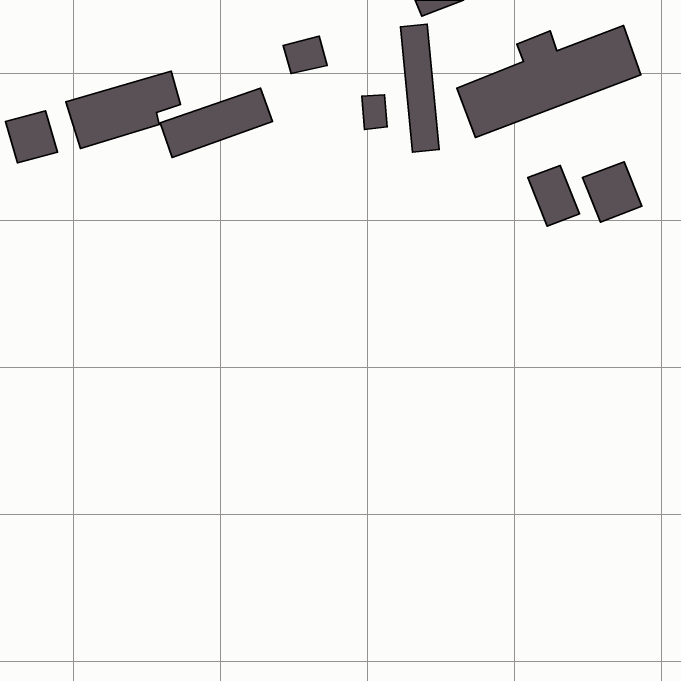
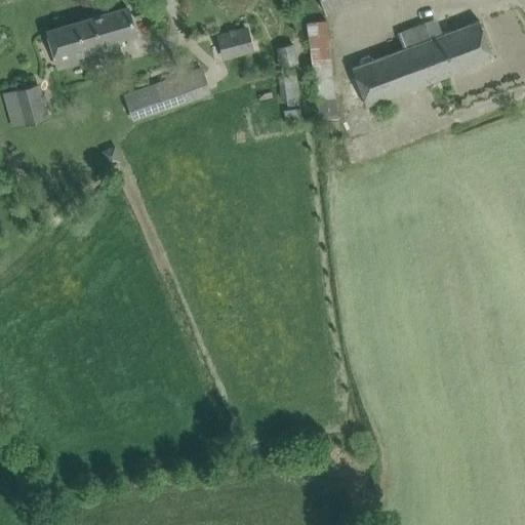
building: [66,71,181,149] -> [46,8,134,68]
building: [582,162,642,222] -> none
building: [528,165,579,226] -> none

